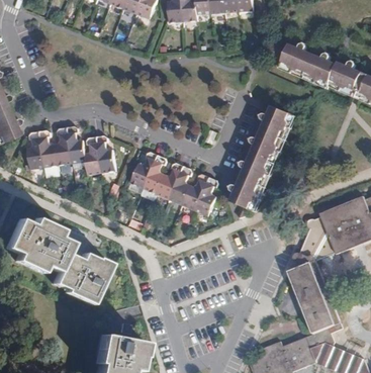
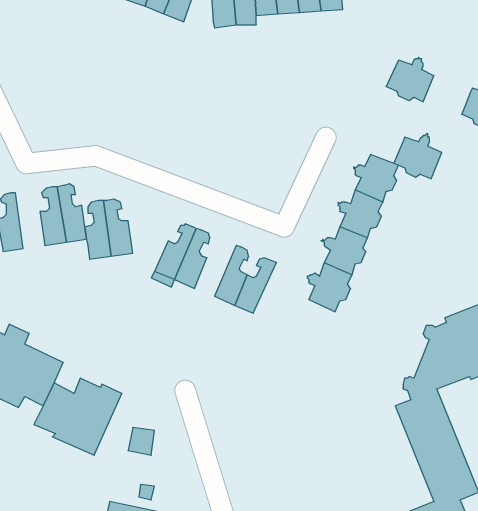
building: [306,53,338,82] -> [394,134,442,179]
building: [39,129,59,168] -> none
building: [157,163,184,199] -> none
building: [195,177,218,216] -> none

